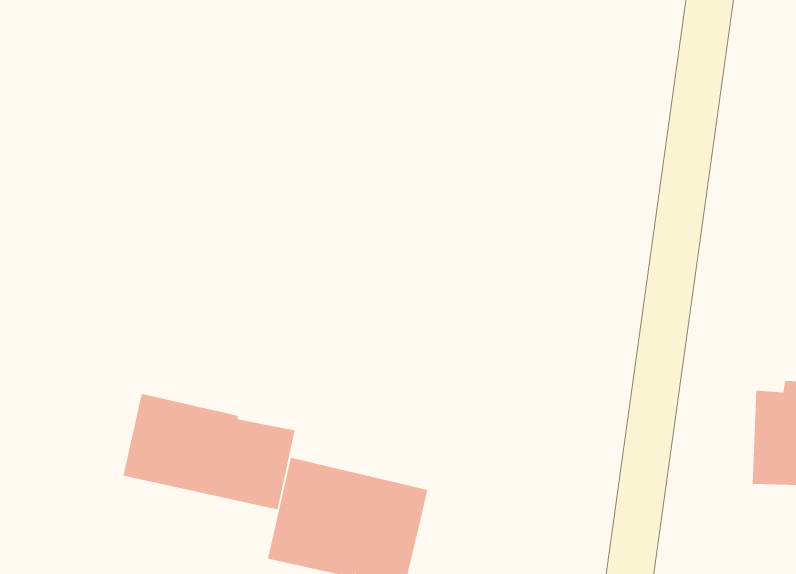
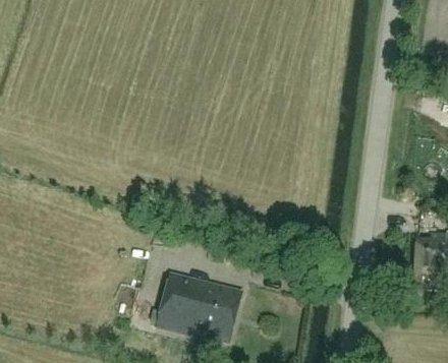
building: [123,393,295,510] -> none

